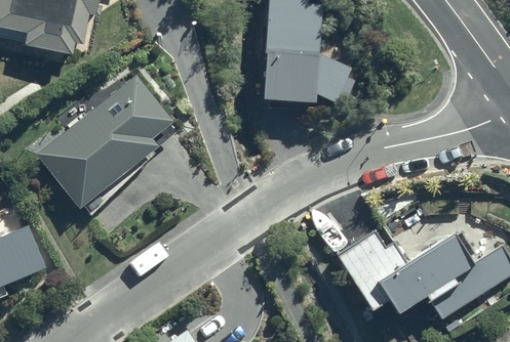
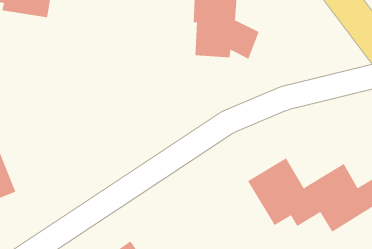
building: [36,75,173,209] -> none

